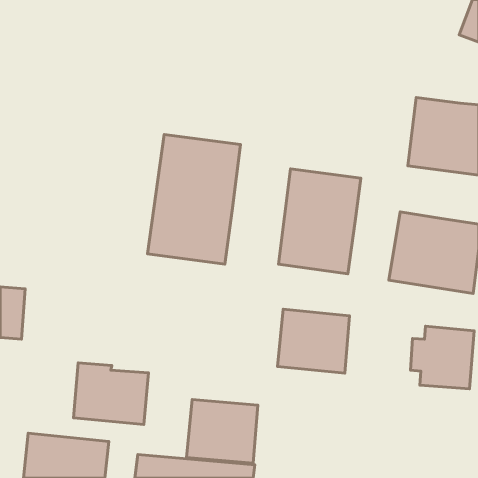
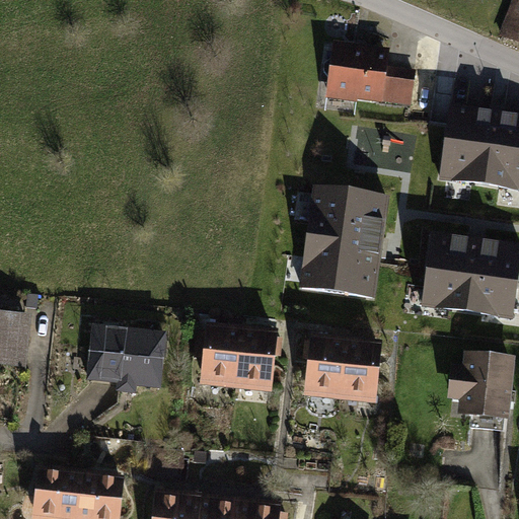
building: none -> [322,45,416,108]
building: [147,134,241,264] -> none
building: [73,363,148,425] -> [83,322,164,389]
building: [187,399,258,463] -> [196,323,273,392]

